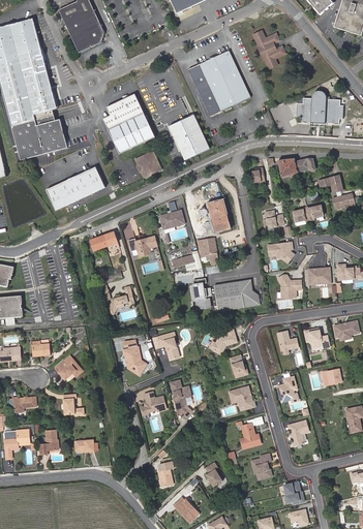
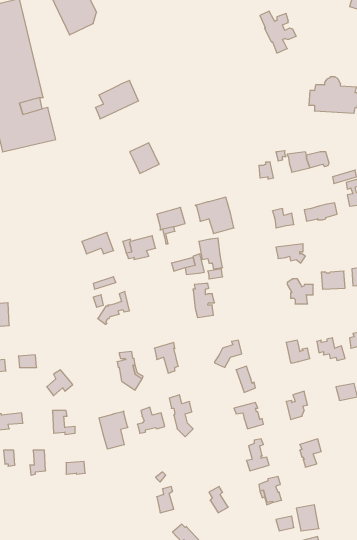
building: [187,50,249,115] -> none
building: [107,112,153,152] -> none
building: [168,114,209,160] -> none
building: [44,166,103,209] -> none
building: [213,279,260,311] -> none
building: none -> [99,411,128,449]

